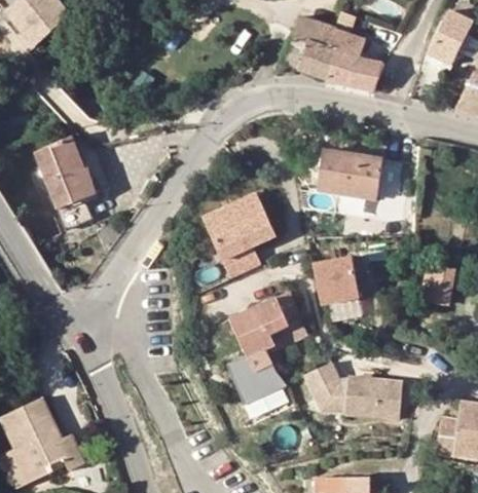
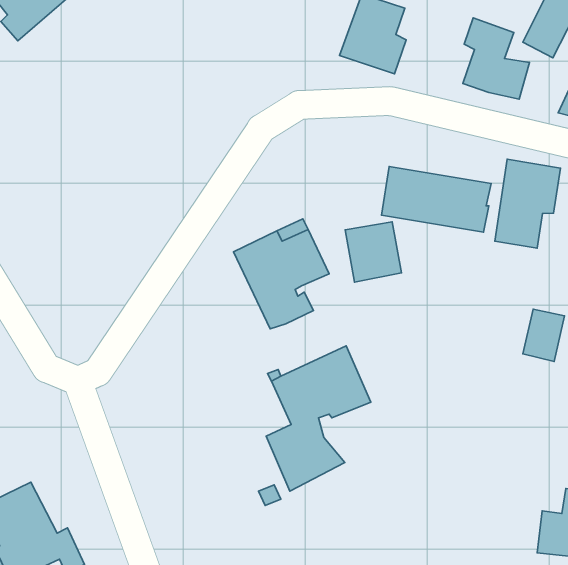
building: [327,26,379,89] -> [463,18,530,99]
building: [36,135,99,228] -> none
building: none -> [495,159,561,248]
building: [315,258,359,305] -> [345,222,401,282]
building: [303,363,404,418] -> none

